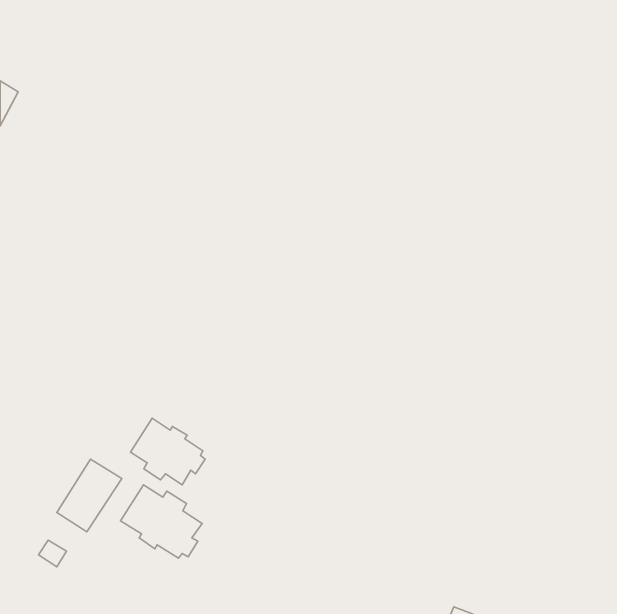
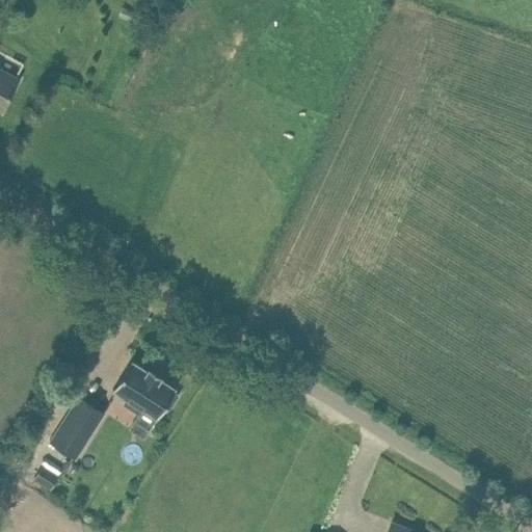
building: [120,485,202,558] -> none

